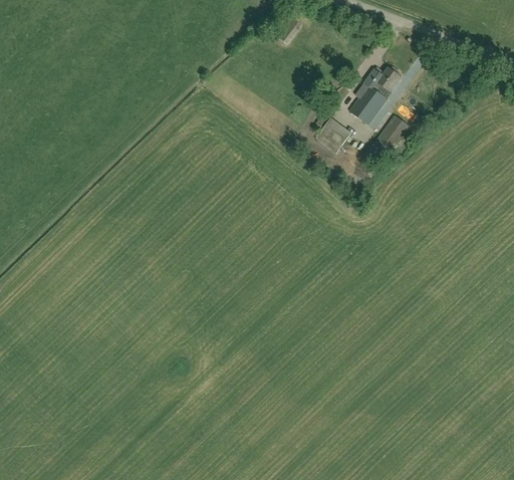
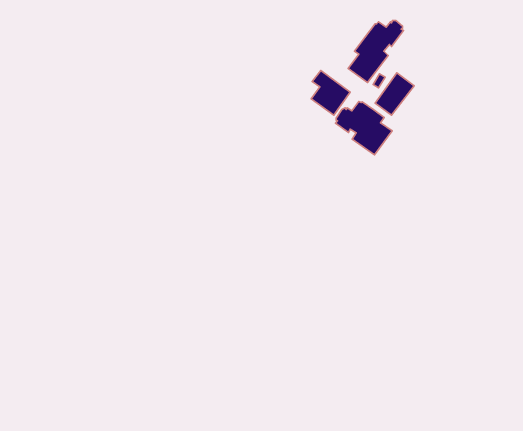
building: none -> [335,101,392,155]

